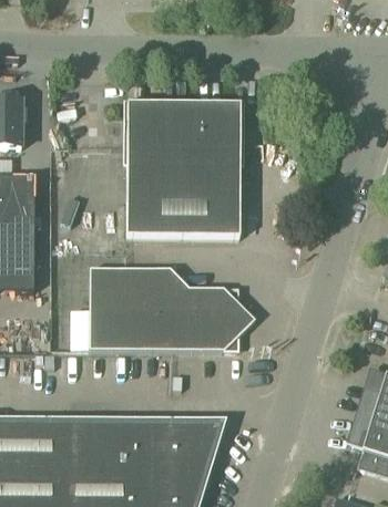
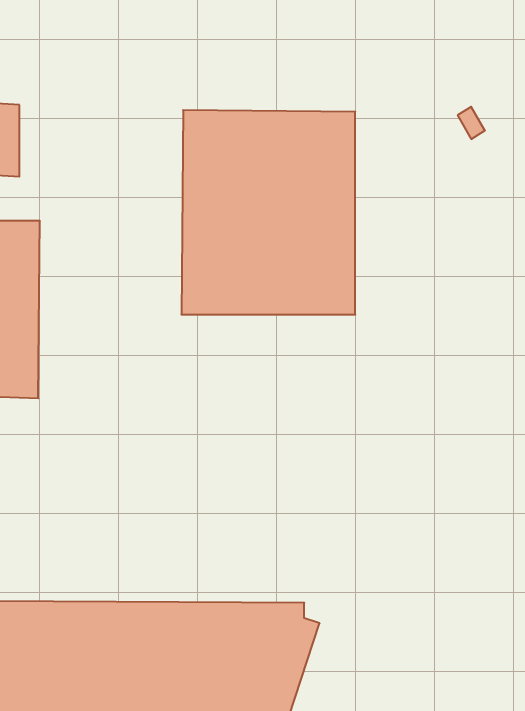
building: [89,266,254,349] -> none

